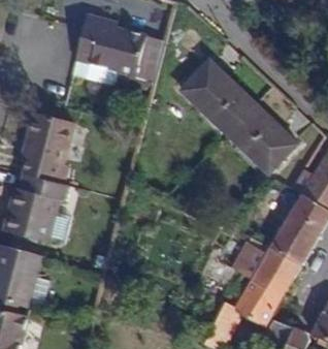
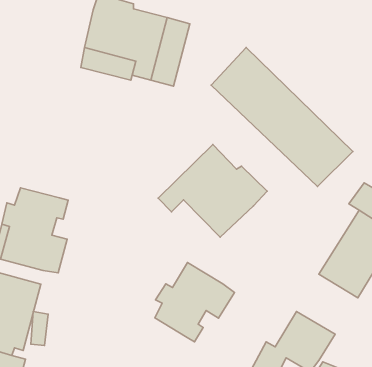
building: [24,115,66,183] -> none
building: none -> [158,145,267,237]
building: none -> [155,262,235,342]
building: [241,241,301,295] -> none

